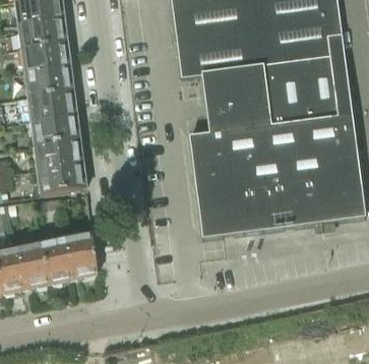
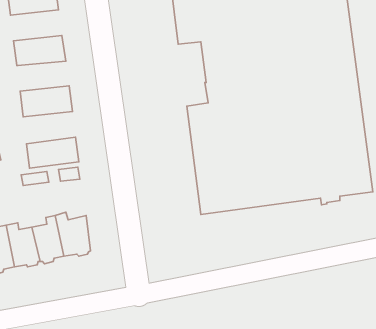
building: [20,43,69,72] -> none
building: [26,92,76,120] -> none
building: [33,139,82,170] -> none

